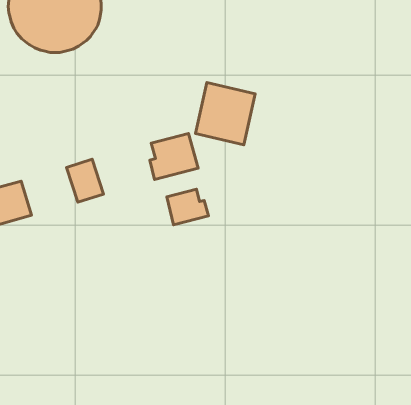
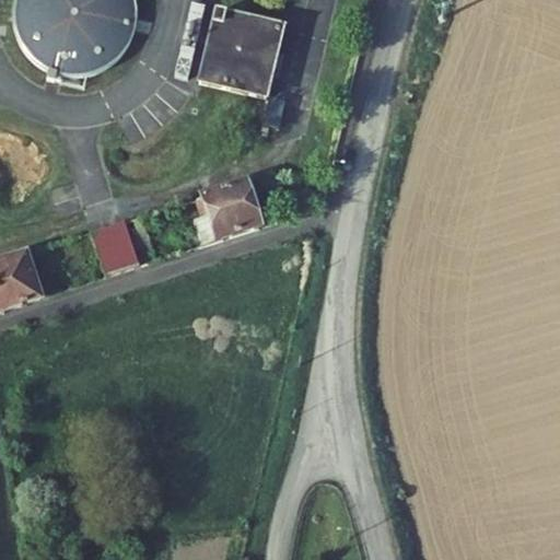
building: [195,83,255,145] -> [198,9,279,93]
building: [167,189,208,225] -> none

